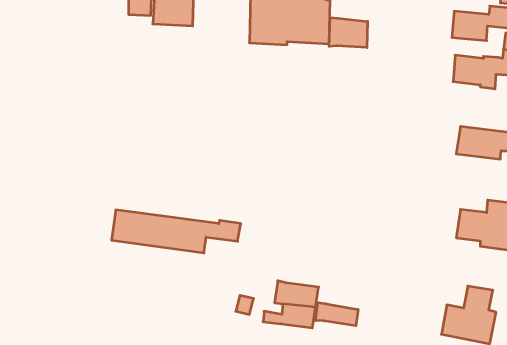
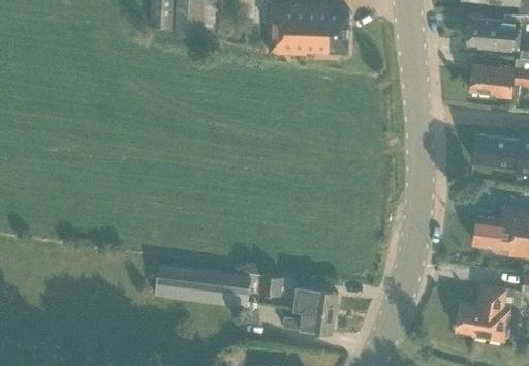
building: [329,18,368,48] -> none
building: [112,210,241,253] -> [153,264,280,306]
building: [315,303,358,326] -> none

